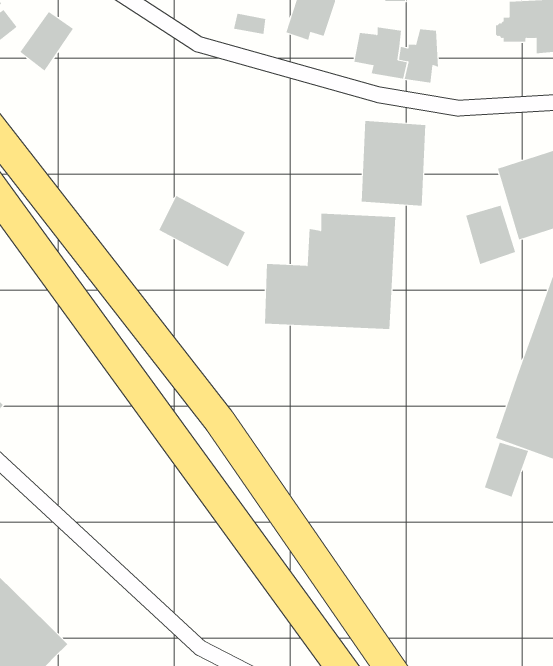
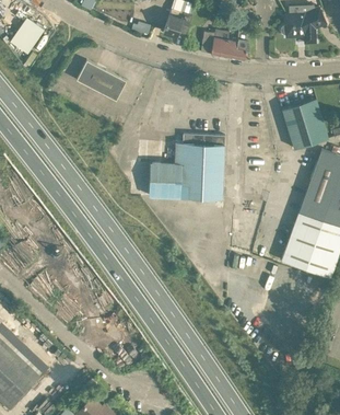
building: [361,120,426,207] -> none
building: [158,195,246,267] -> [77,61,126,102]
building: [466,205,516,265] -> none
building: [484,442,529,498] -> none

